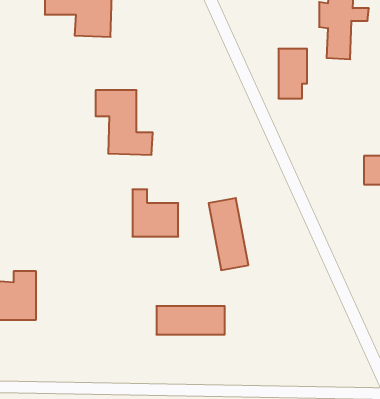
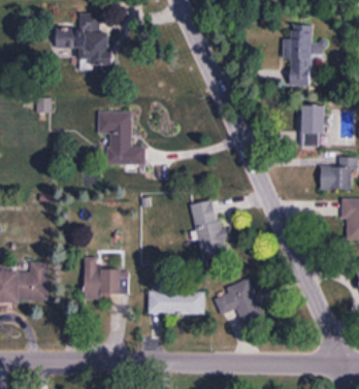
building: [278,49,307,98] -> [300,106,324,148]
building: [132,189,178,237] -> [84,258,122,297]
building: none -> [213,280,264,325]

